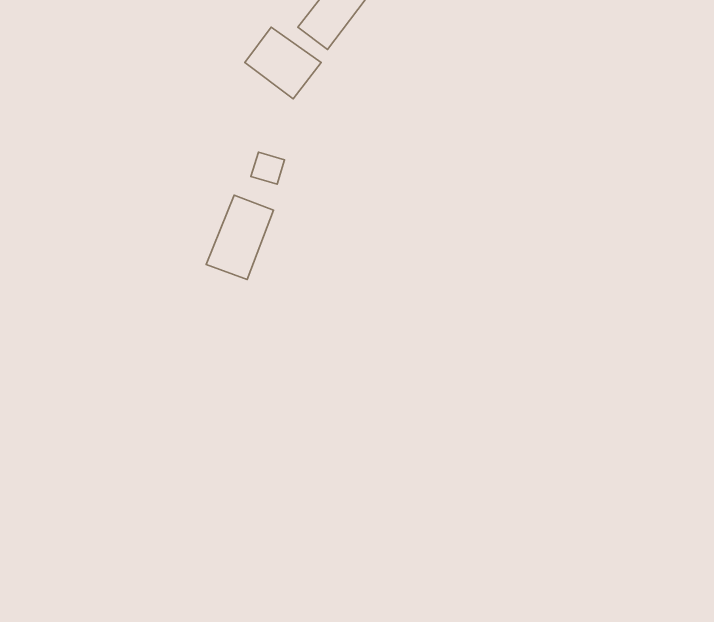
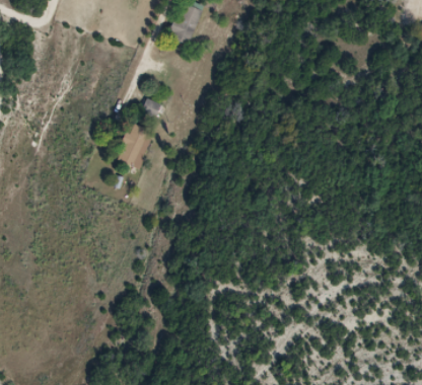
building: [245,27,321,99] -> none

